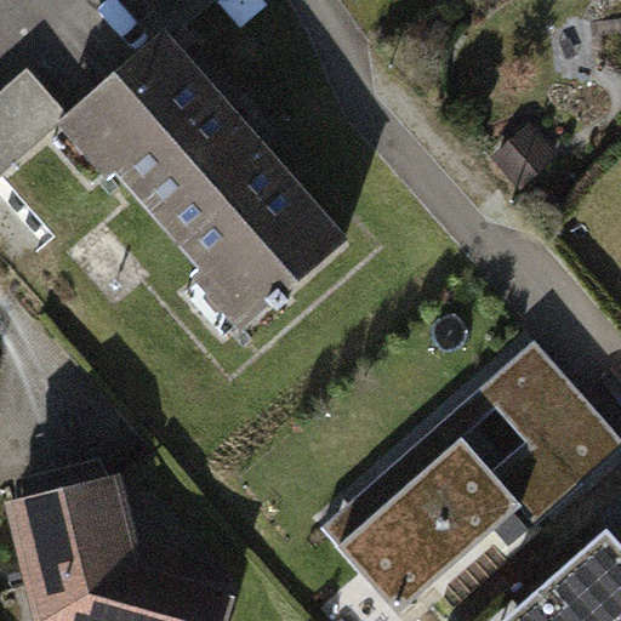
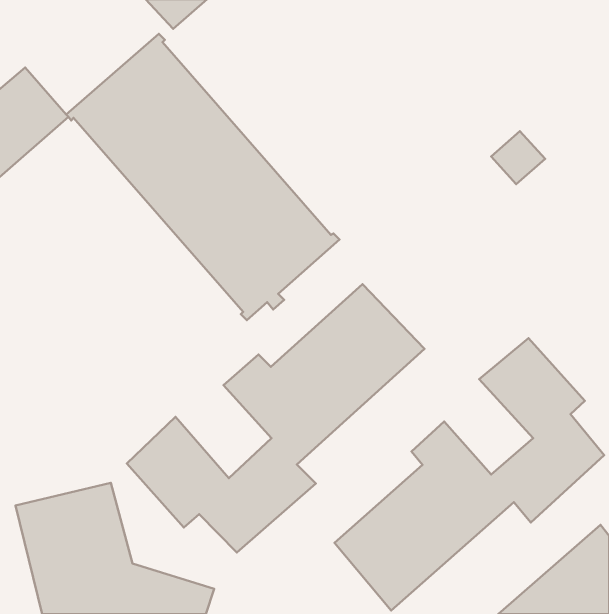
building: none -> [127,284,424,553]

